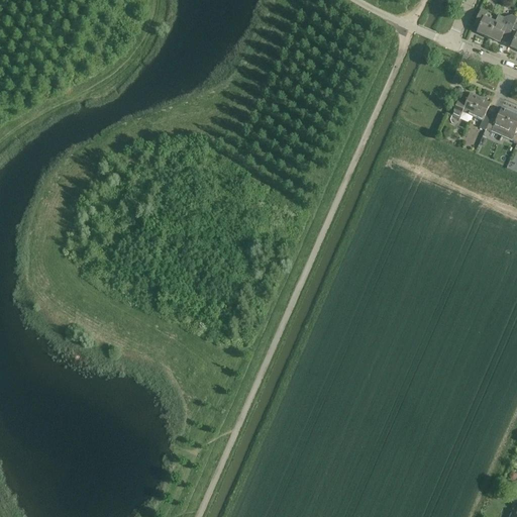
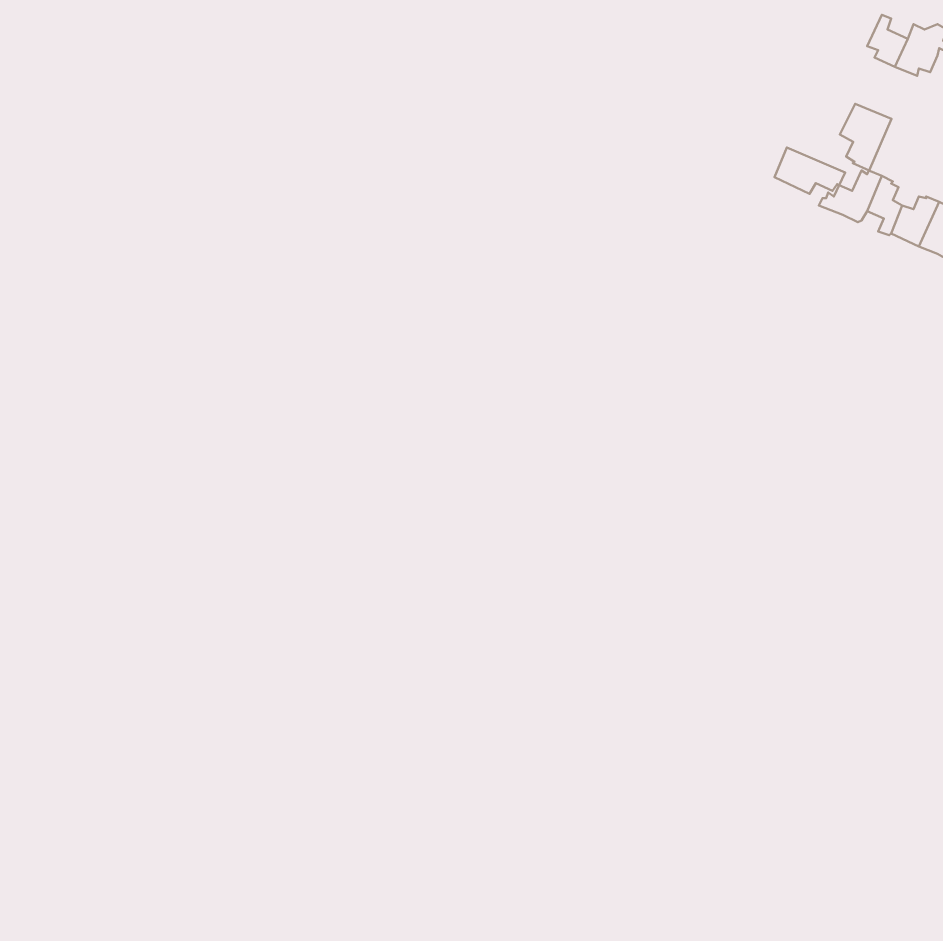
building: none -> [840,104,891,171]
building: none -> [774,147,845,194]

